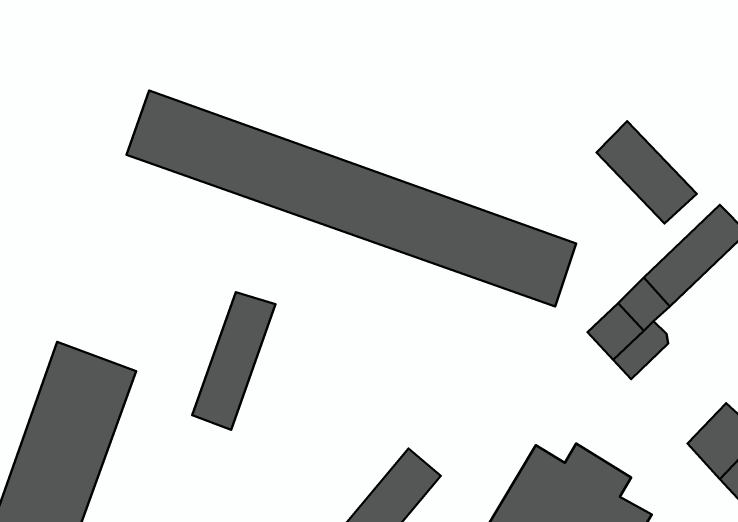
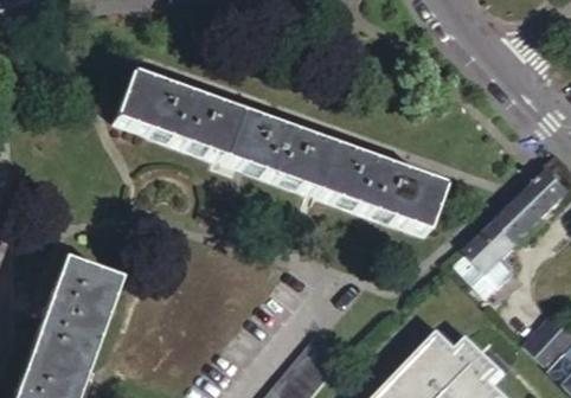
building: [596,121,697,224] -> none
building: [192,292,276,430] -> none

